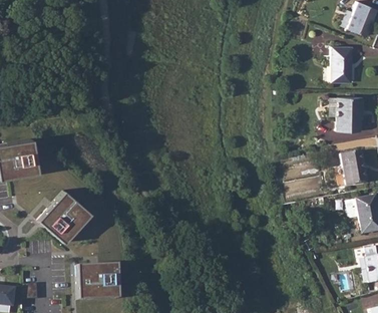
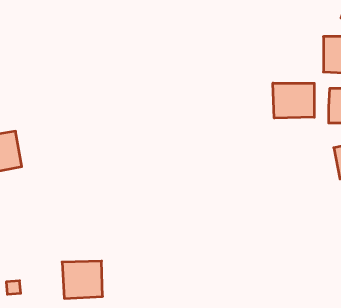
building: none -> [273,83,314,118]
building: [40,190,91,242] -> none

